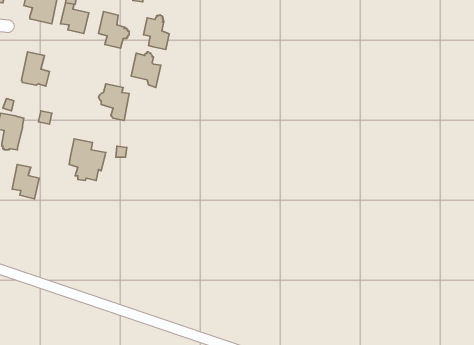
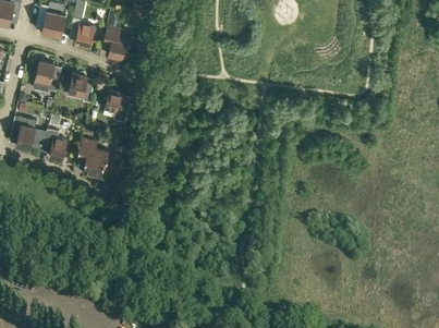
building: [143,15,169,50] -> none
building: [131,52,161,87] -> [68,71,94,102]
building: [12,165,39,199] -> [42,129,66,159]

